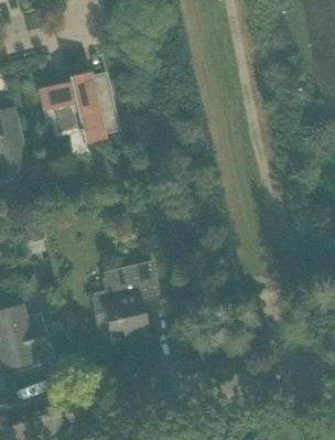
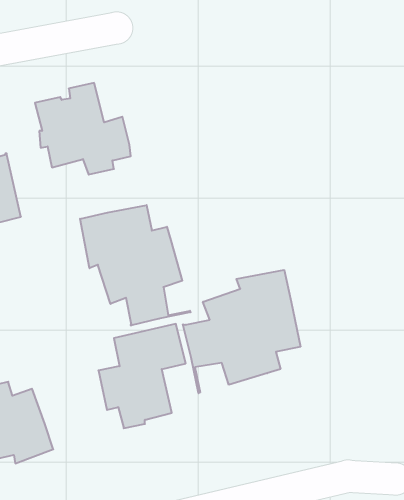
building: none -> [80,205,191,326]
building: none -> [183,270,300,393]

